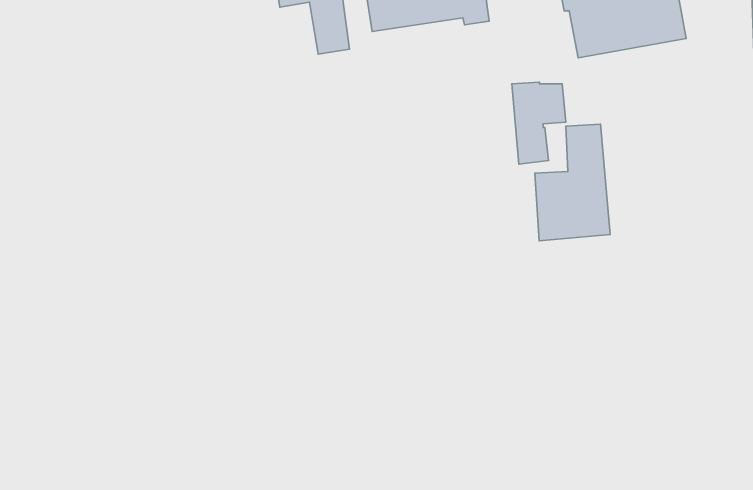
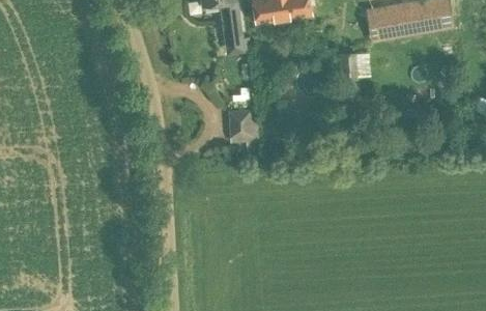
building: [535,124,610,241] -> none
building: none -> [229,110,260,152]

